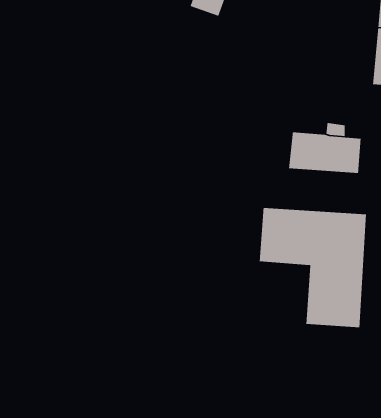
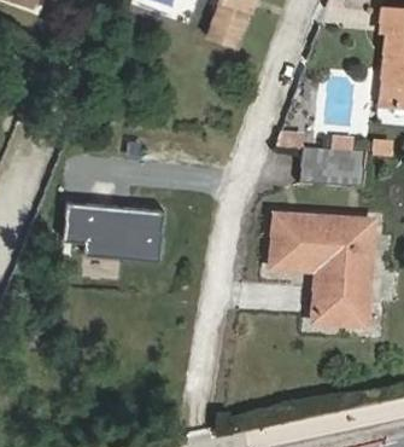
building: none -> [64,204,164,263]

